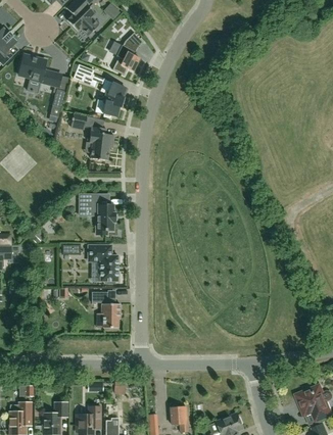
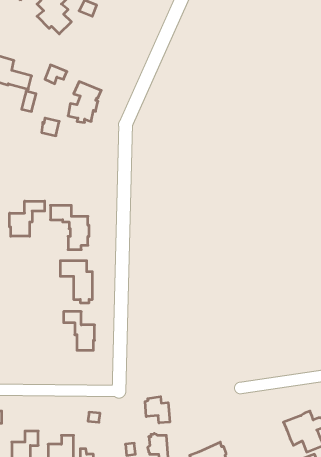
building: [112,33,143,76] -> none
building: [87,127,113,160] -> none
building: none -> [10,201,45,236]
building: none -> [145,397,170,423]

